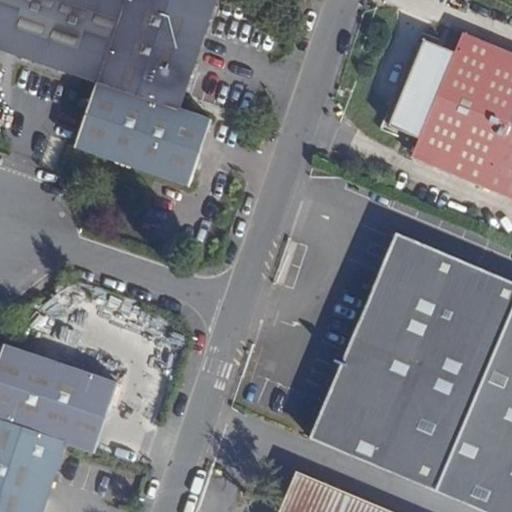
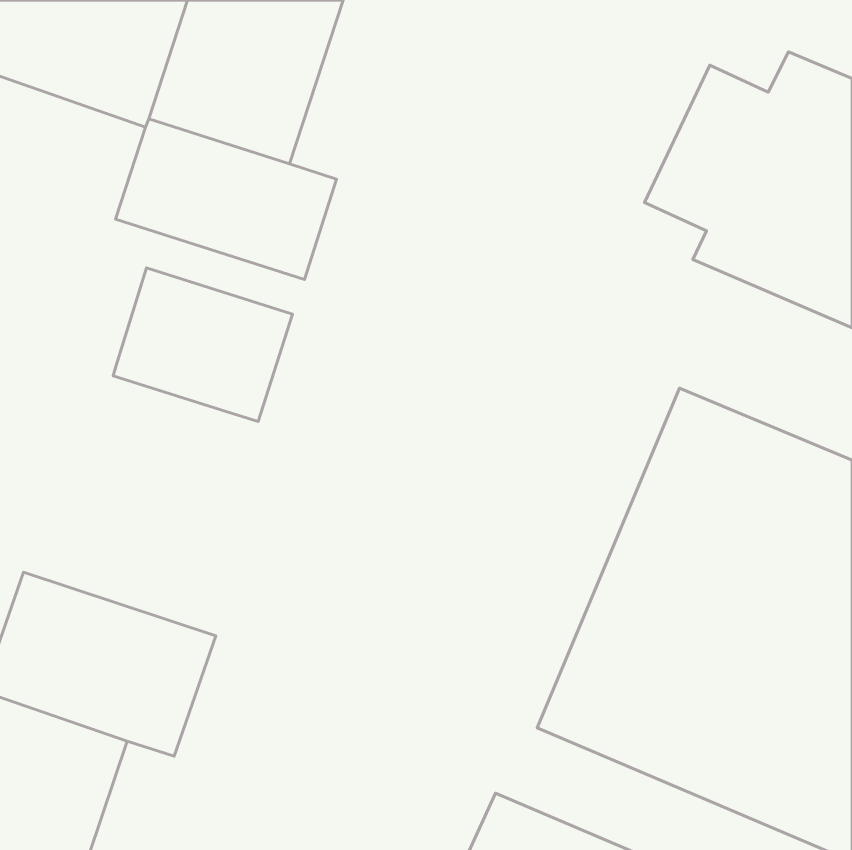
building: none -> [113,268,292,422]

